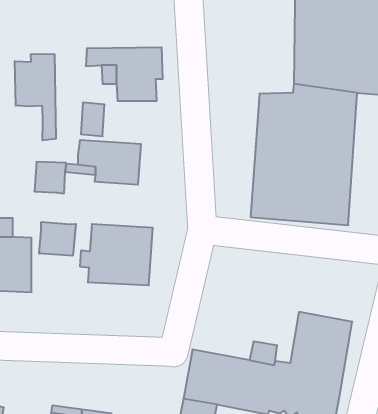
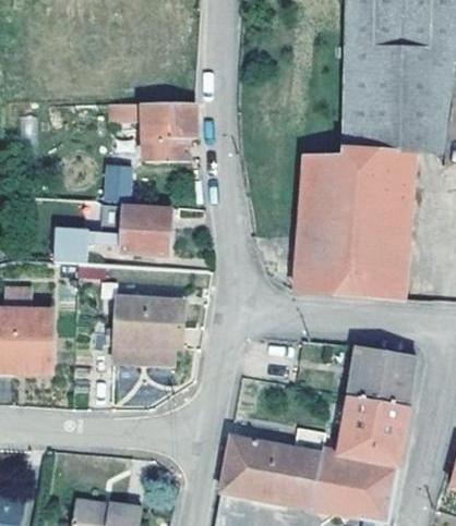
building: [15,54,56,140] -> none
building: [39,222,76,256] -> none
building: none -> [348,346,416,405]

